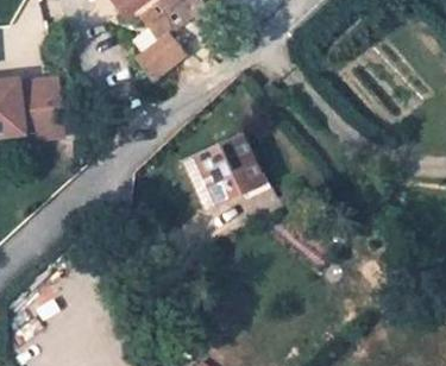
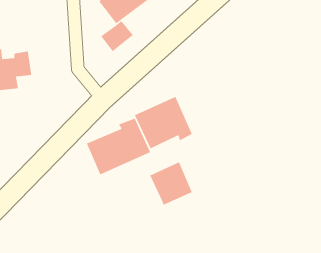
building: none -> [86,117,151,176]
building: none -> [149,161,193,206]

